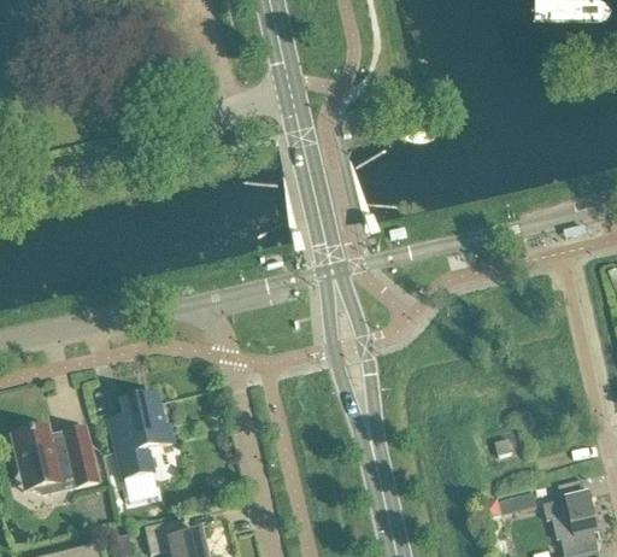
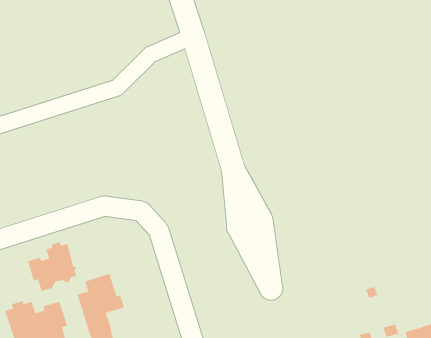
building: none -> [27,241,77,292]

